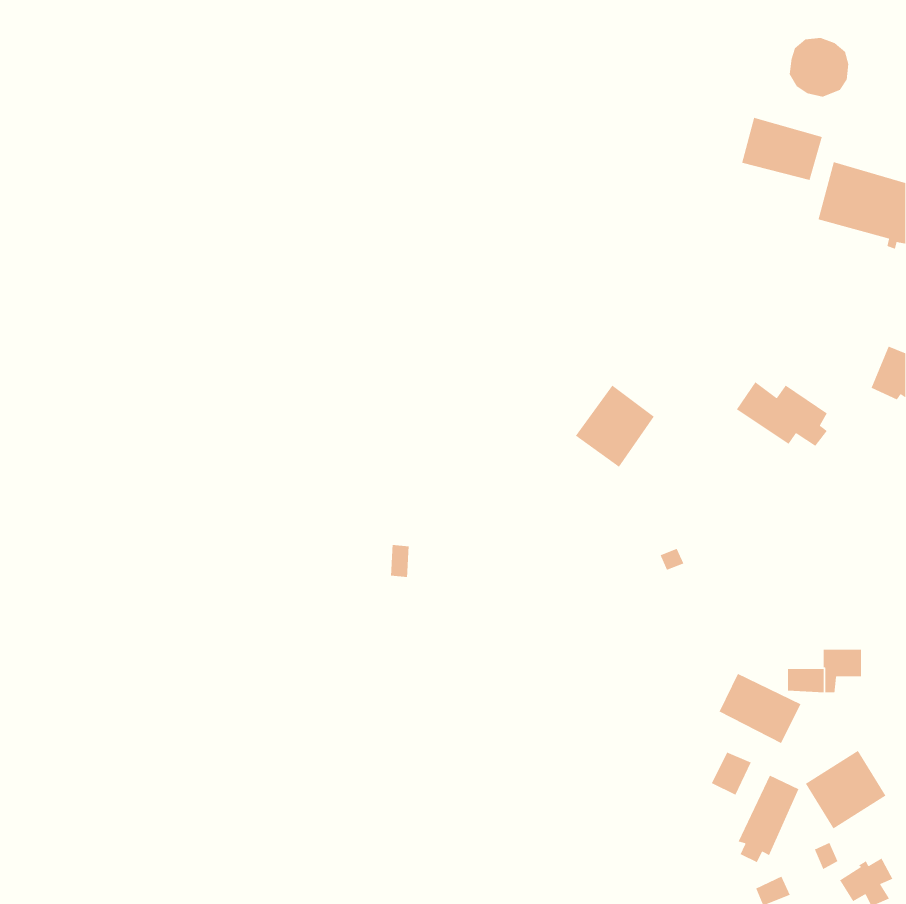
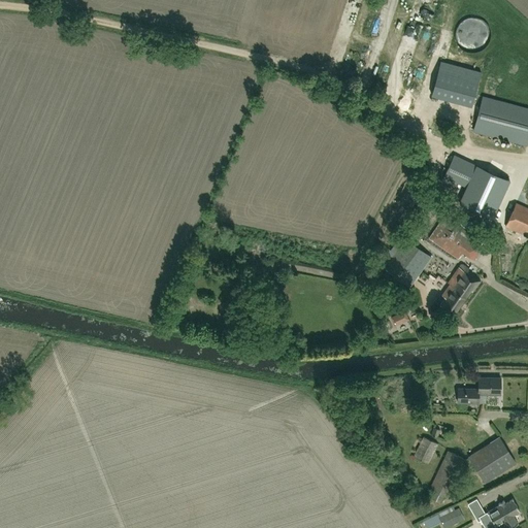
building: none -> [442,154,510,219]
building: [575,385,655,468] -> [385,239,431,288]
building: none -> [440,265,480,316]
building: [718,673,802,744] -> none

